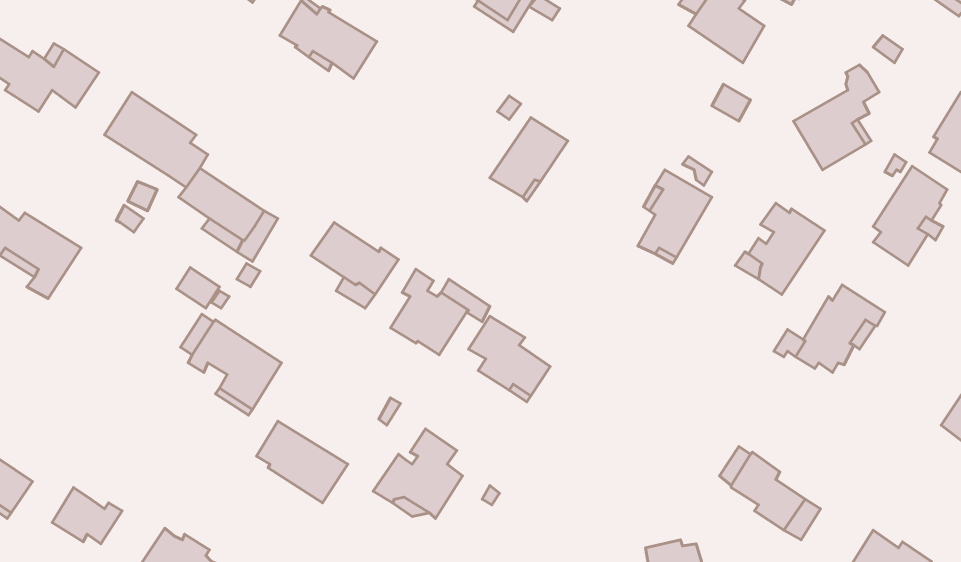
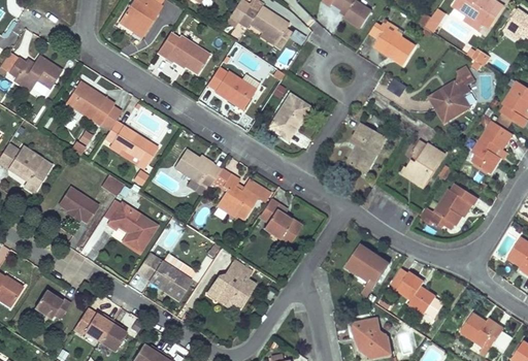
building: none -> [206,65,257,108]
building: none -> [60,187,100,223]
building: none -> [345,247,389,282]

